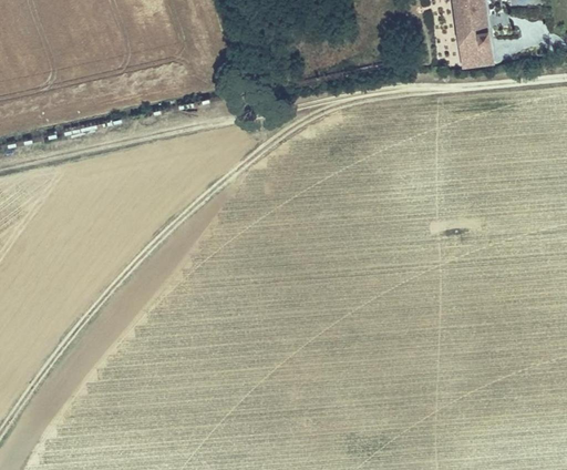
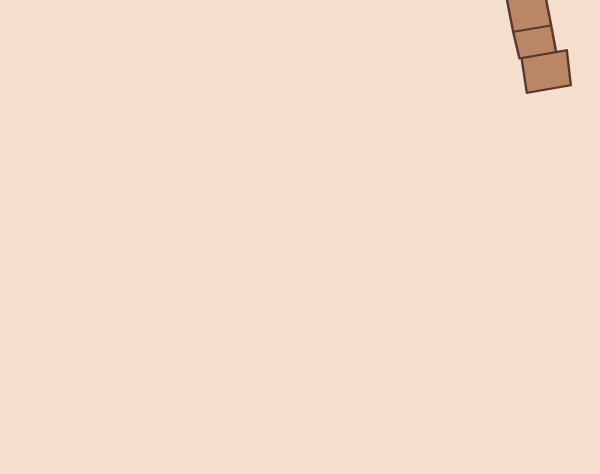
building: none -> [522,50,571,93]

